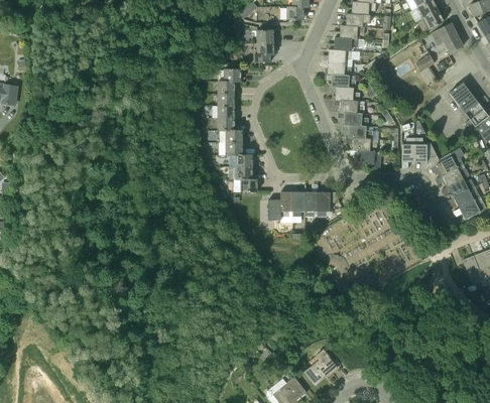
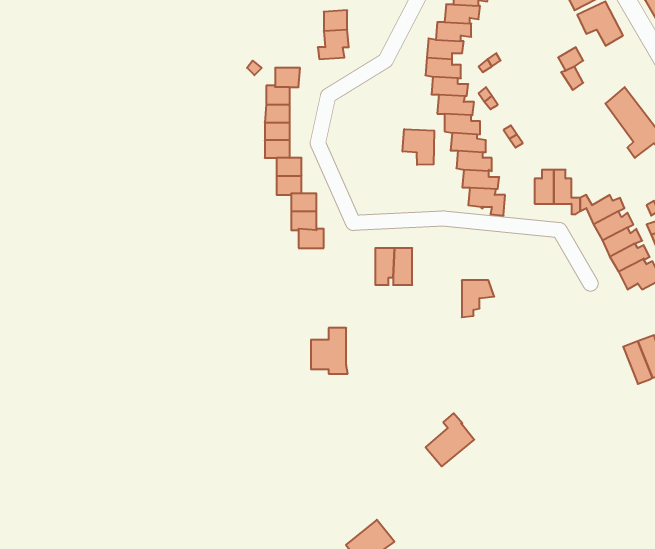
building: none -> [403,129,434,165]
building: [268,191,293,223] -> [311,328,348,374]
building: [318,191,340,217] -> [462,280,494,317]
building: [303,349,337,385] -> [426,413,474,466]

